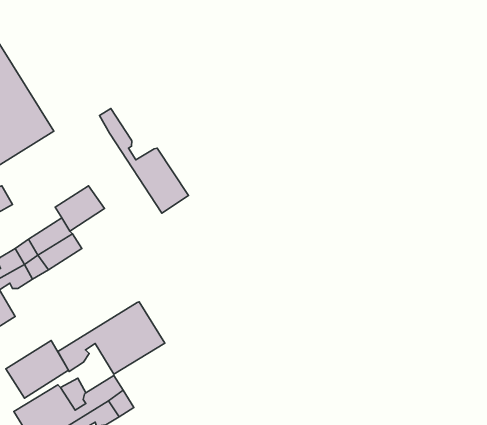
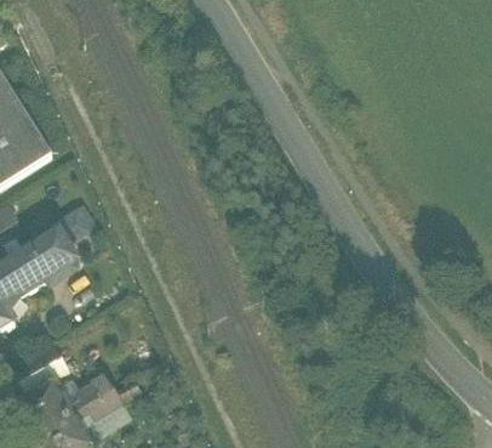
building: [99,108,189,213] -> none
building: [58,302,165,374] -> none

